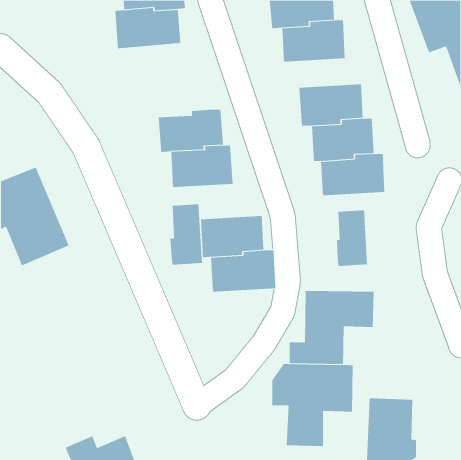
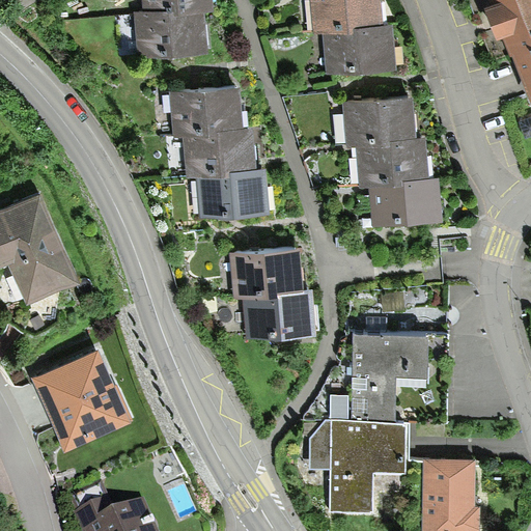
building: none -> [170,87,244,137]
building: [170,204,202,266] -> none
building: [337,210,368,267] -> none
building: none -> [32,346,131,448]

